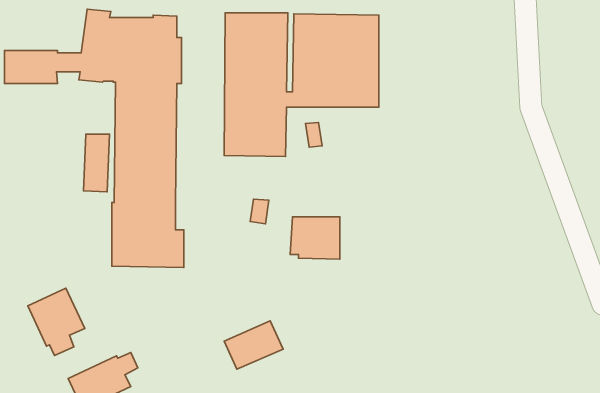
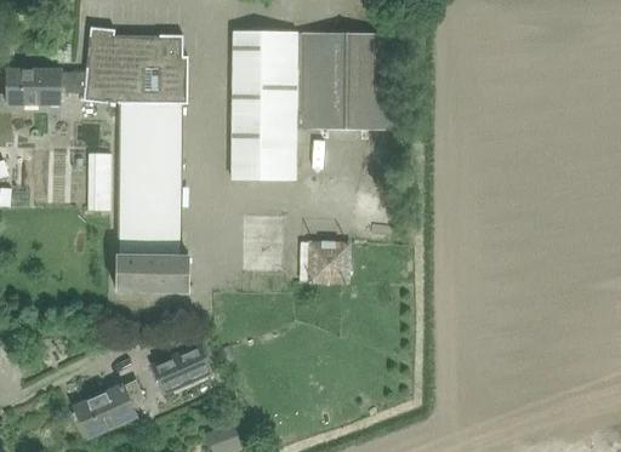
building: [28,288,85,356] -> none
building: [224,321,283,369] -> [149,344,210,394]

